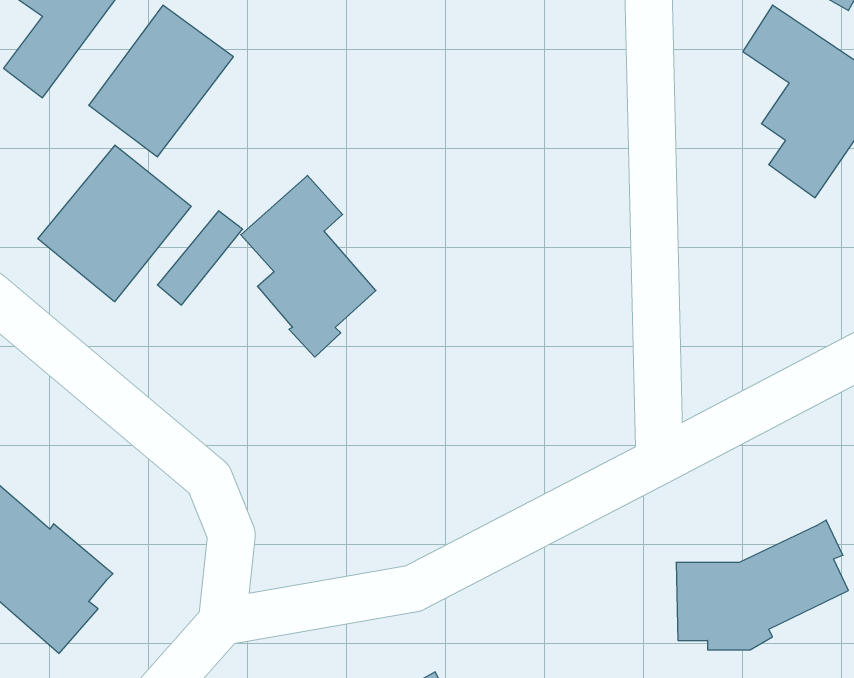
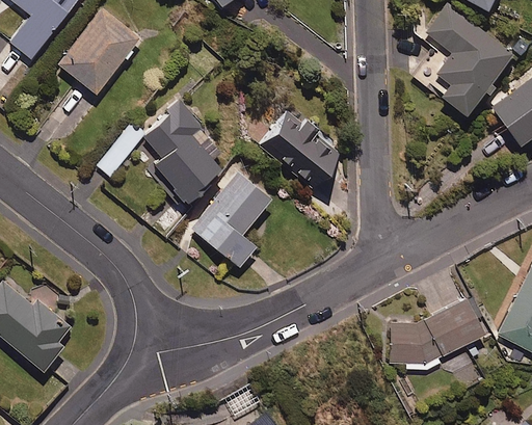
building: [38,145,191,302] -> none
building: none -> [262,109,345,189]
building: none -> [193,172,271,267]

